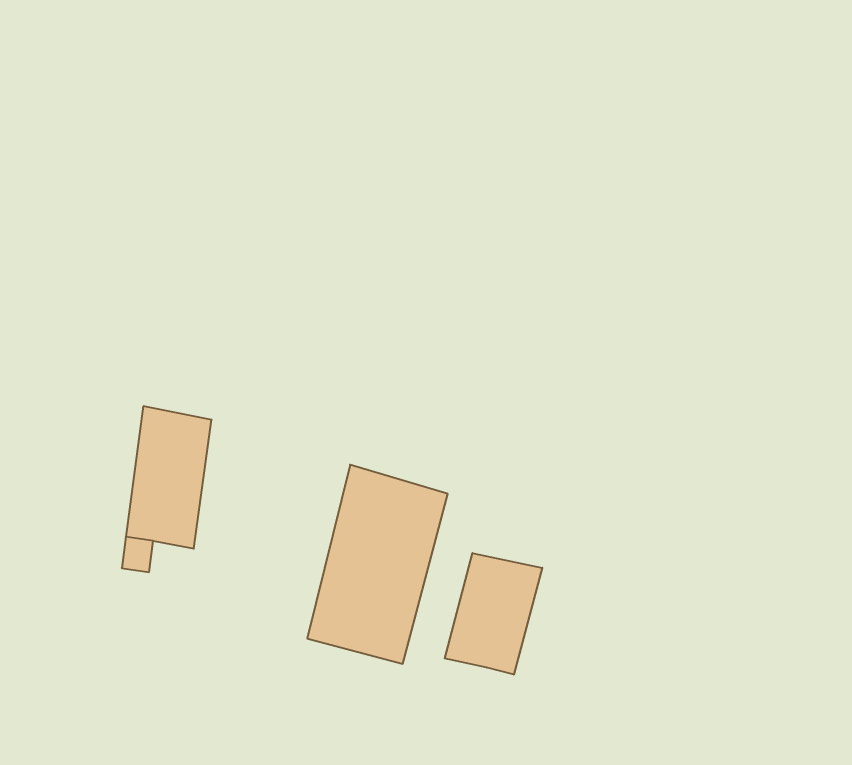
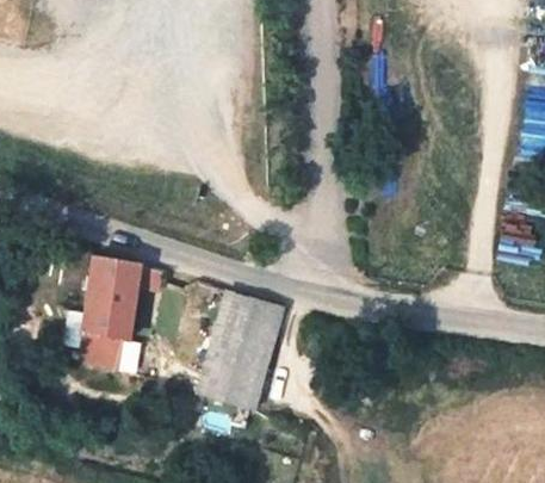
building: [445,553,542,675] -> none

